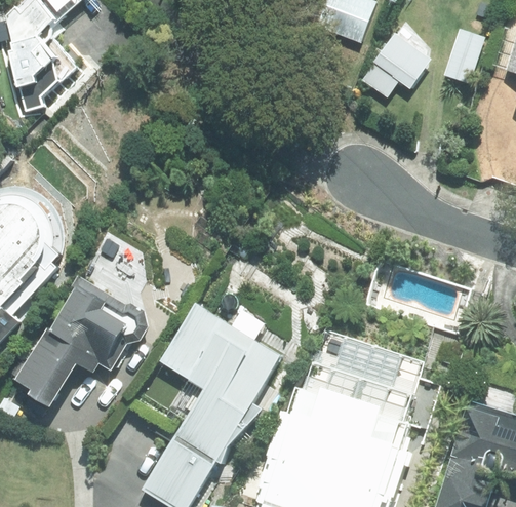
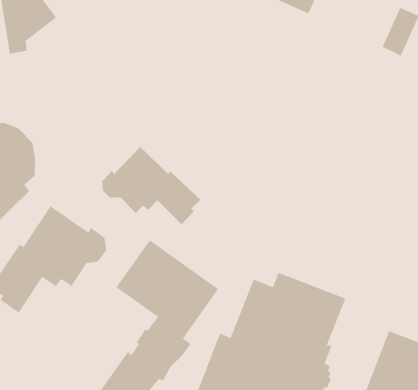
building: [363,33,429,96] -> none
building: none -> [102,146,201,225]

